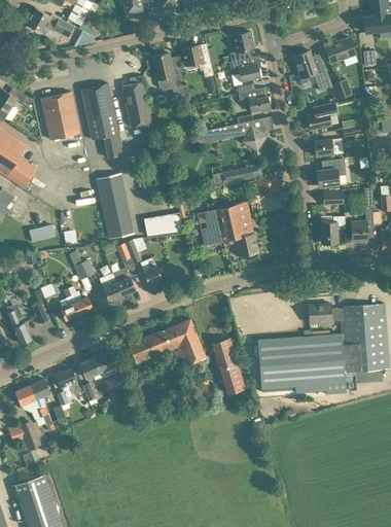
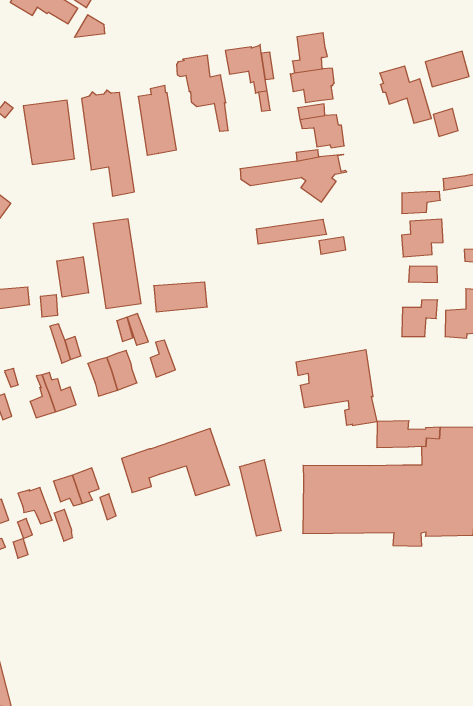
building: [307,102,336,130] -> none
building: [197,201,257,255] -> [296,350,377,425]
building: none -> [57,257,89,297]

